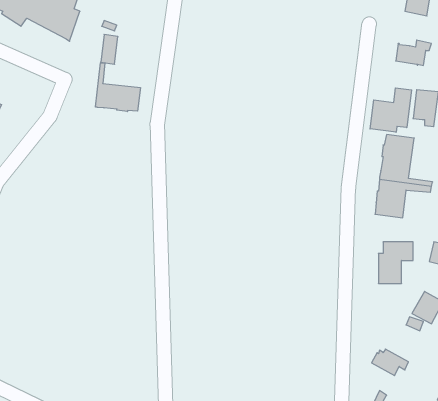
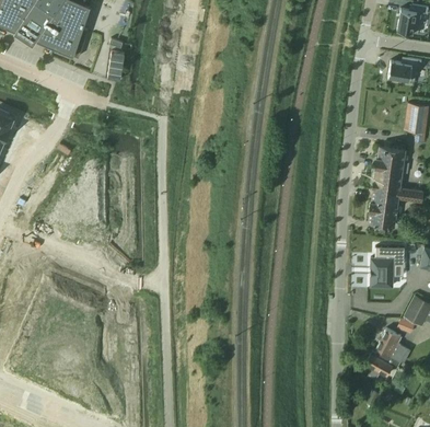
building: [95,63,140,112] -> none
building: [370,88,412,132] -> none
building: none -> [375,328,409,363]

